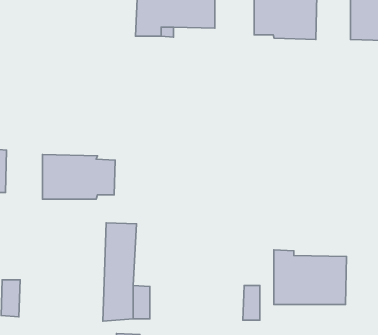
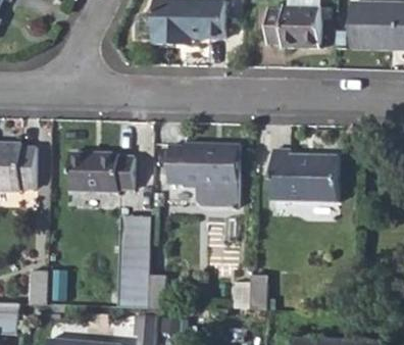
building: none -> [167,143,237,207]
building: [274,250,346,305] -> [270,148,337,198]

